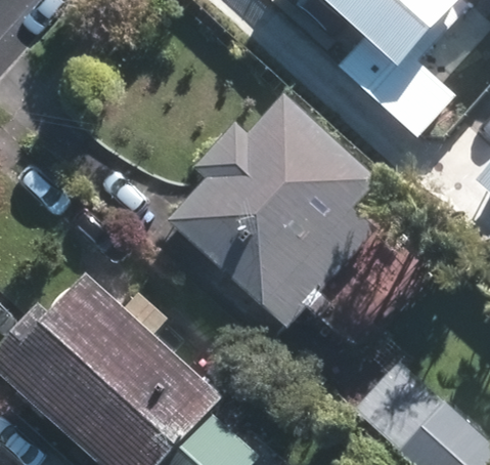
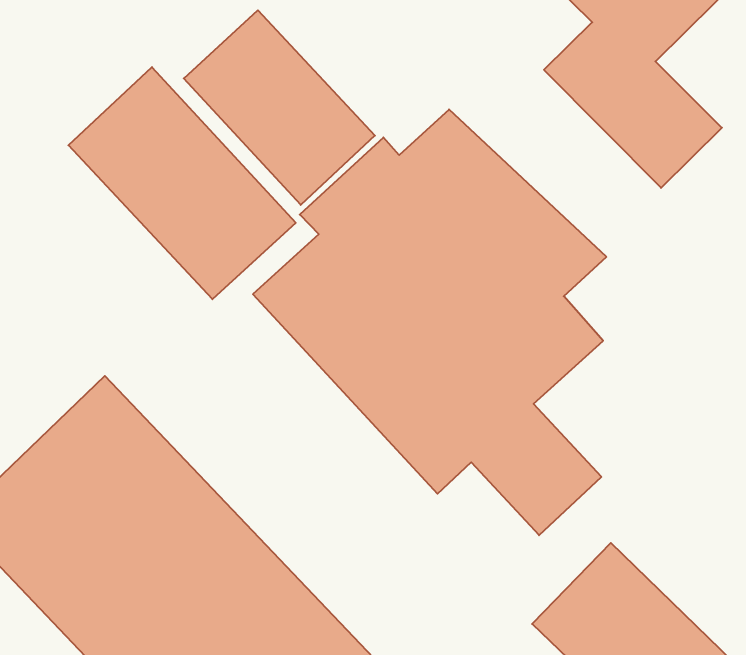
building: none -> [184,10,375,205]
building: none -> [68,67,296,299]

